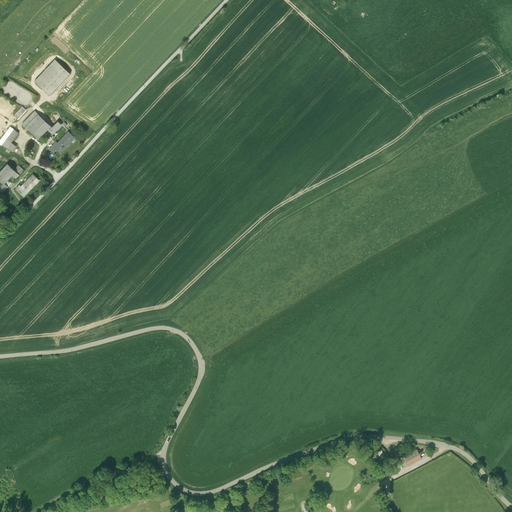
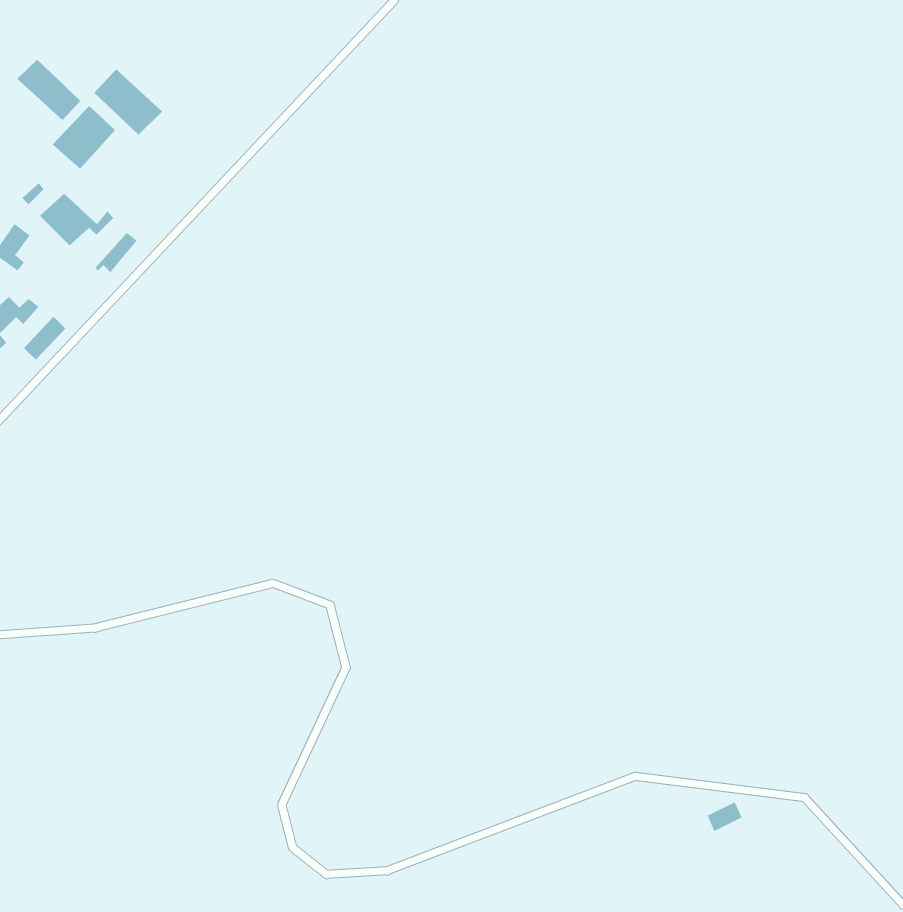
building: none -> [17,59,81,121]
building: none -> [94,69,163,136]

